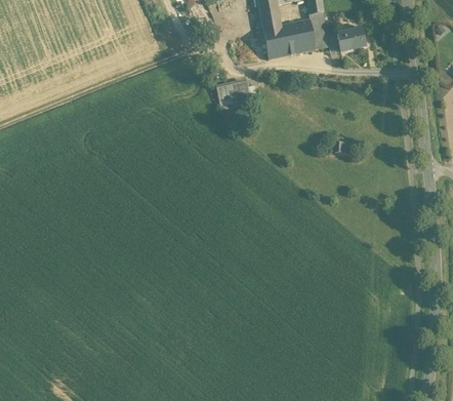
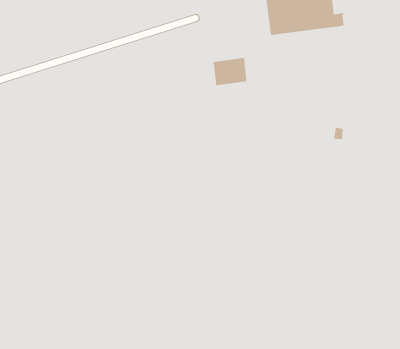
building: [336,26,367,50] -> none

